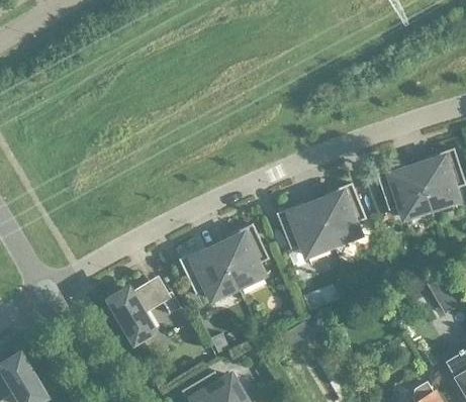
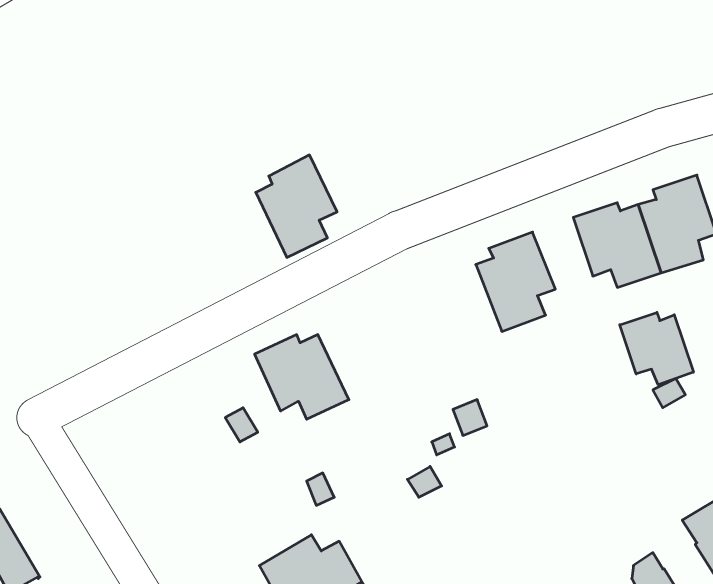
building: [276,202,333,256] -> none
building: [218,223,269,287] -> [256,155,337,257]
building: none -> [620,312,693,385]
building: [112,283,160,341] -> none

